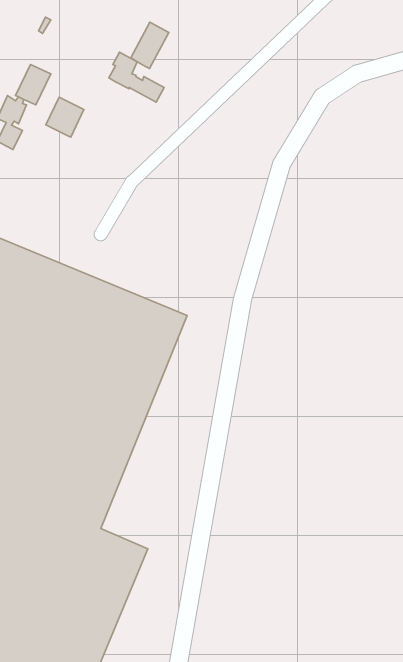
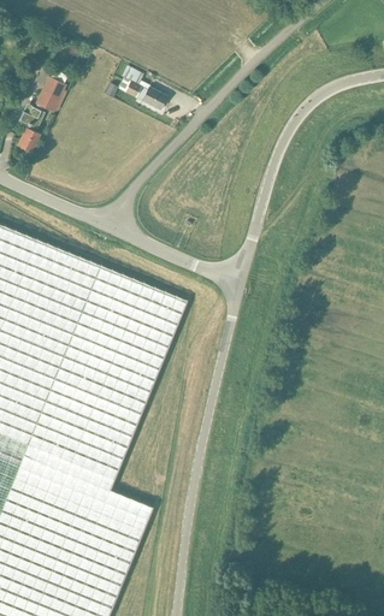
building: [131,22,169,68] -> none
building: [46,97,84,137] -> none

